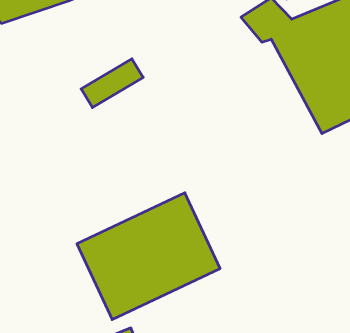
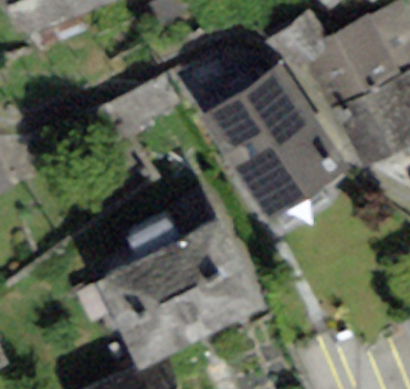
building: none -> [204,67,336,207]

